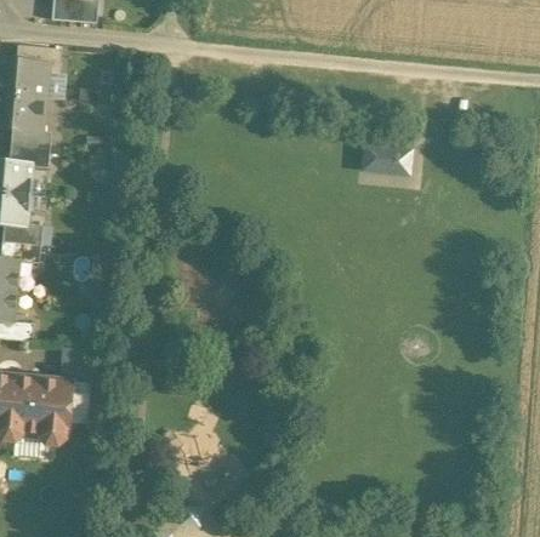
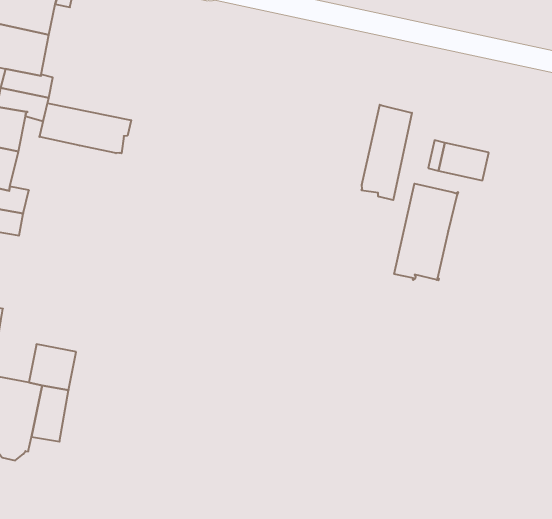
building: none -> [362,105,412,200]
building: none -> [39,103,131,153]
building: none -> [394,184,458,280]

